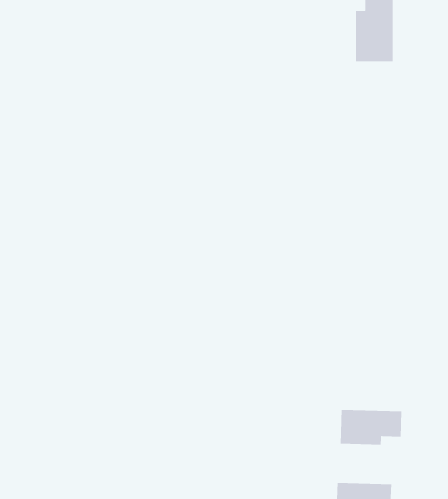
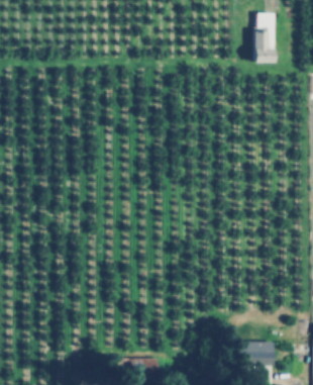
building: [340,409,402,445] -> none

